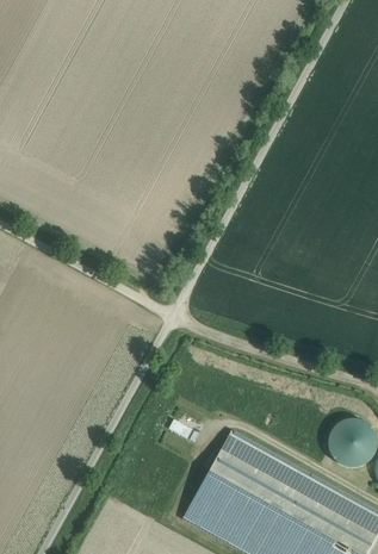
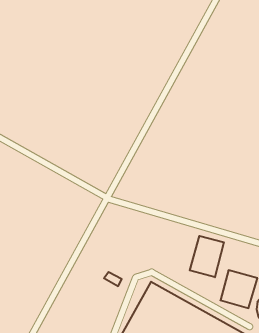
building: none -> [190,236,224,277]

